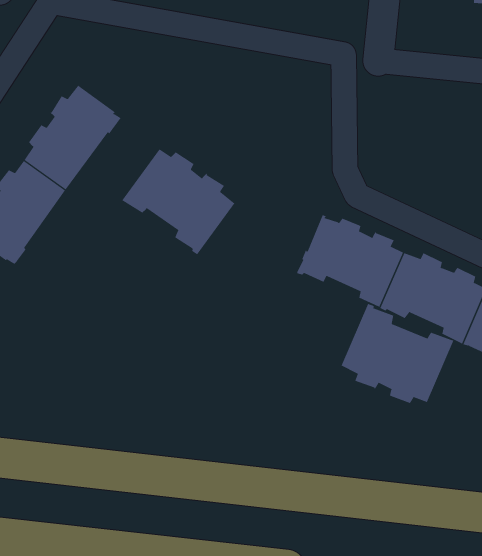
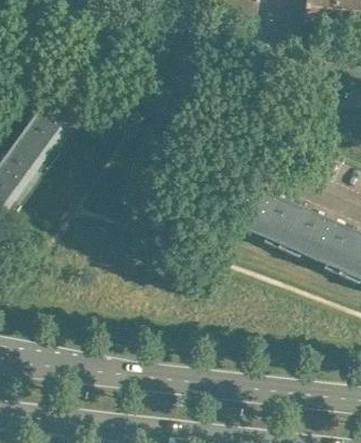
building: [122,149,235,255] -> none
building: [341,303,454,404] -> none

